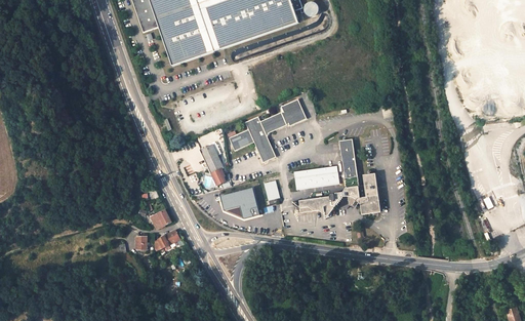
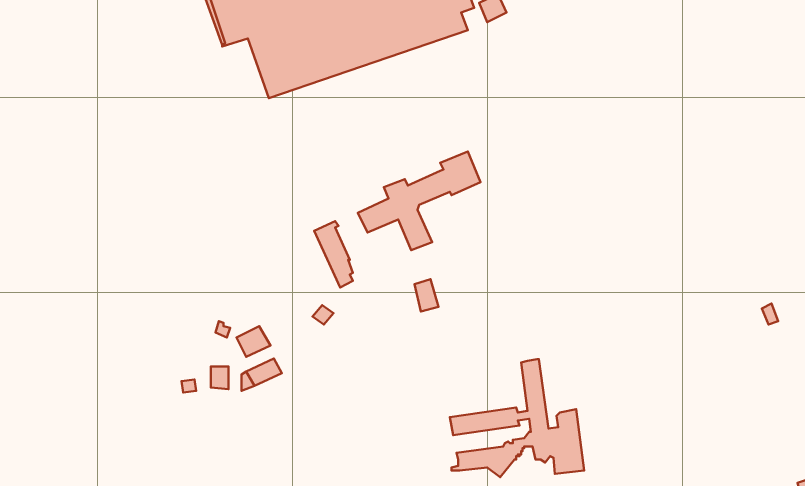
building: [294,142,379,216] -> [450,359,584,477]
building: [220,188,261,218] -> none

